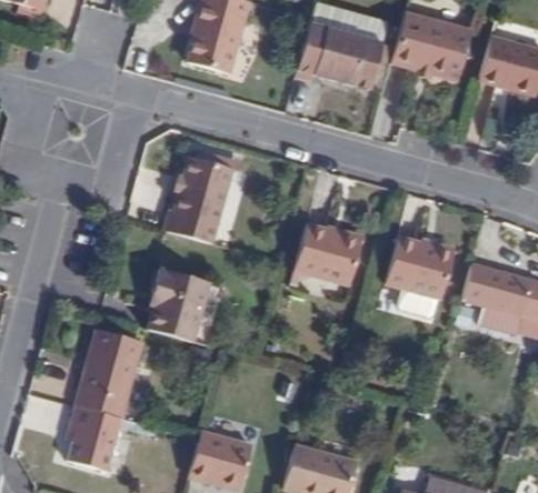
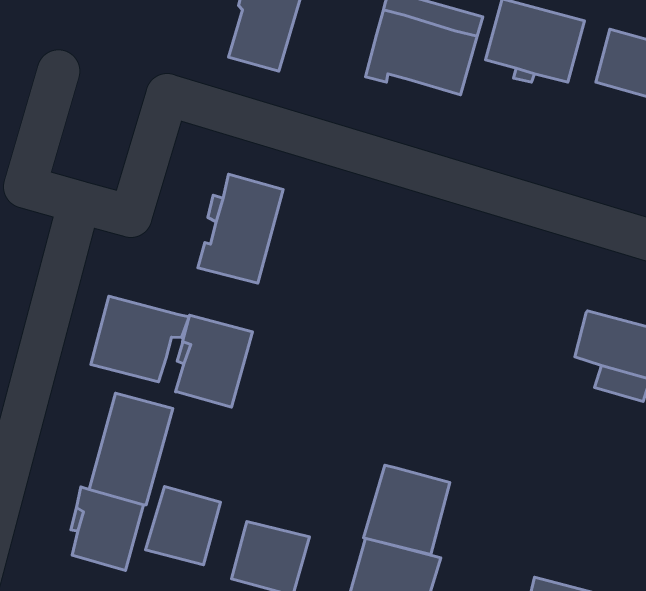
building: [296,227,362,288] -> none
building: [383,237,449,299] -> none
building: none -> [91,296,189,382]
building: none -> [363,465,450,555]
building: none -> [145,487,221,565]

